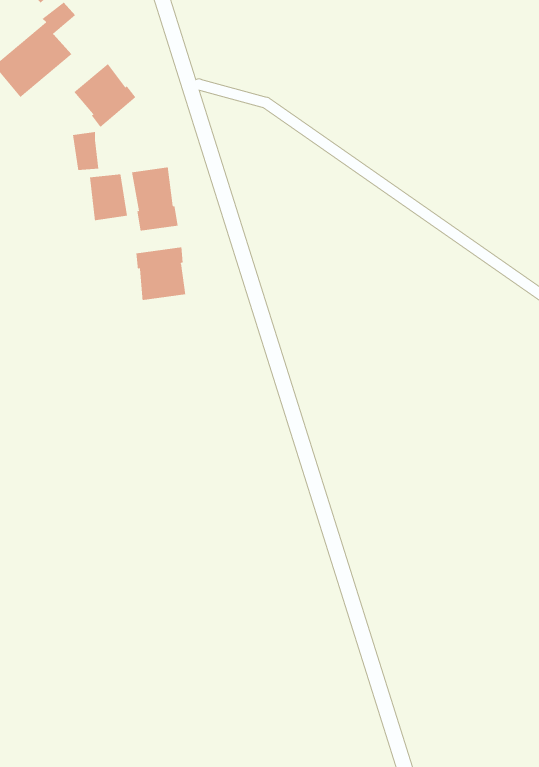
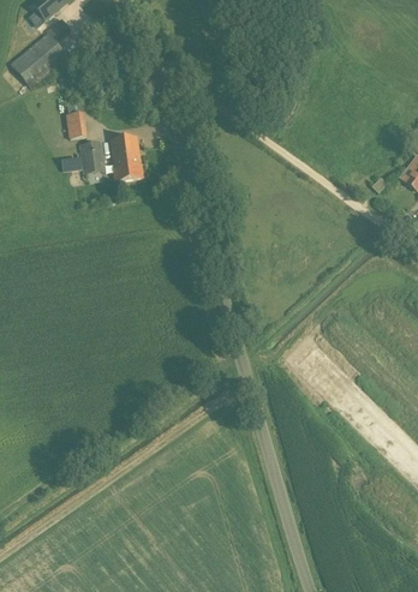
building: [74,63,136,128] -> none
building: [136,246,186,301] -> none

